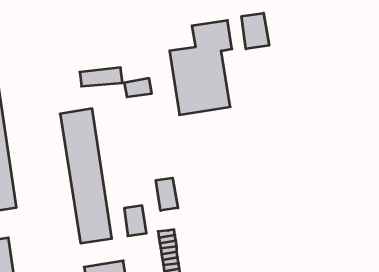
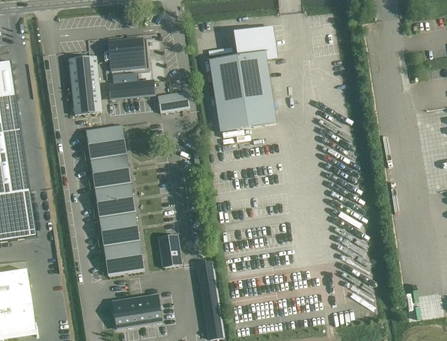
building: [242,13,269,49] -> none
building: none -> [103,37,144,71]
building: none -> [68,56,102,114]
building: [156,178,178,211] -> none

